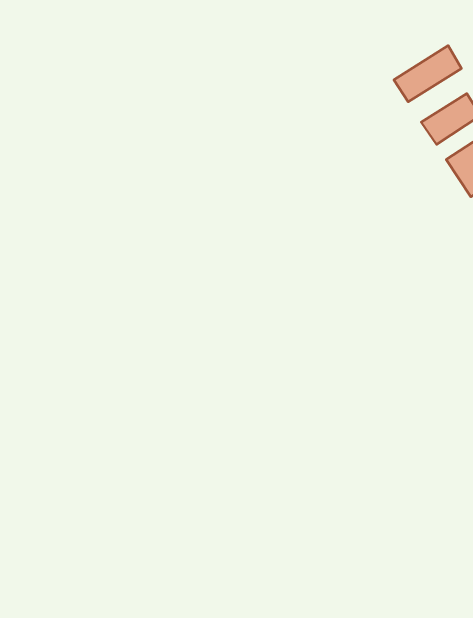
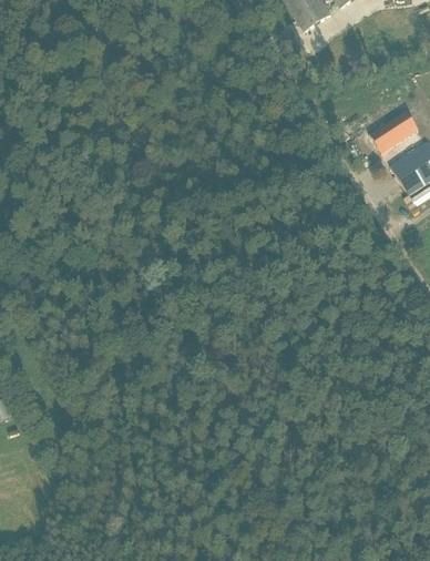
building: [394,46,461,102] -> none

